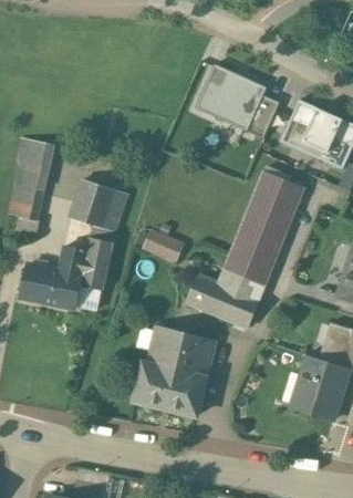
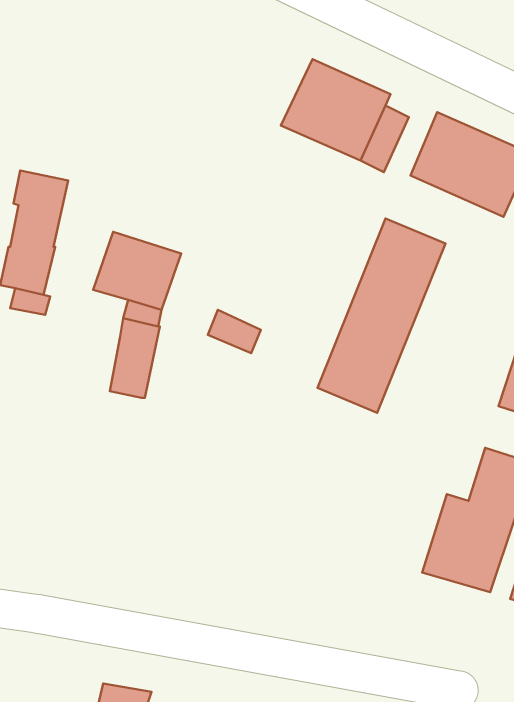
building: [21,245,102,308] -> none
building: [187,274,259,326] -> none
building: [134,329,214,414] -> none

